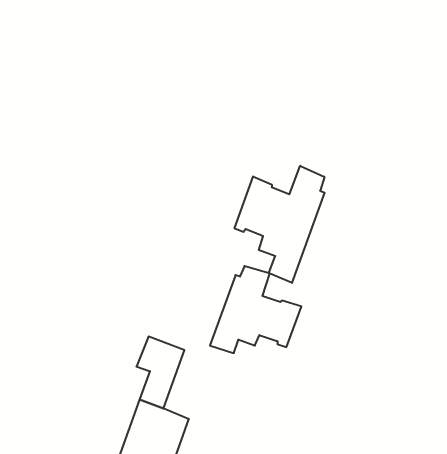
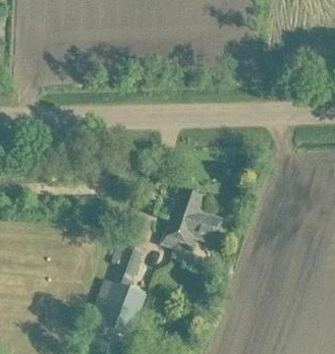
building: [235,166,325,283] -> none

